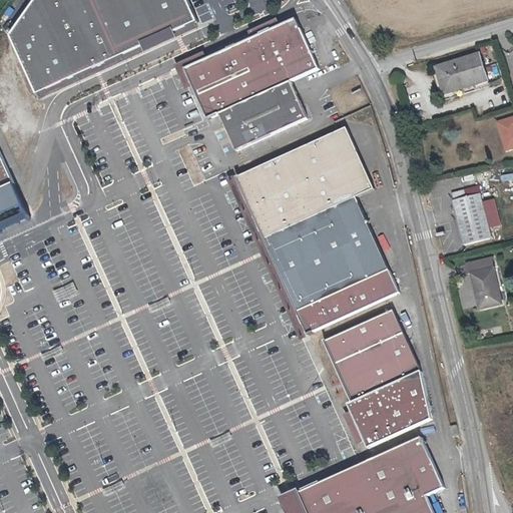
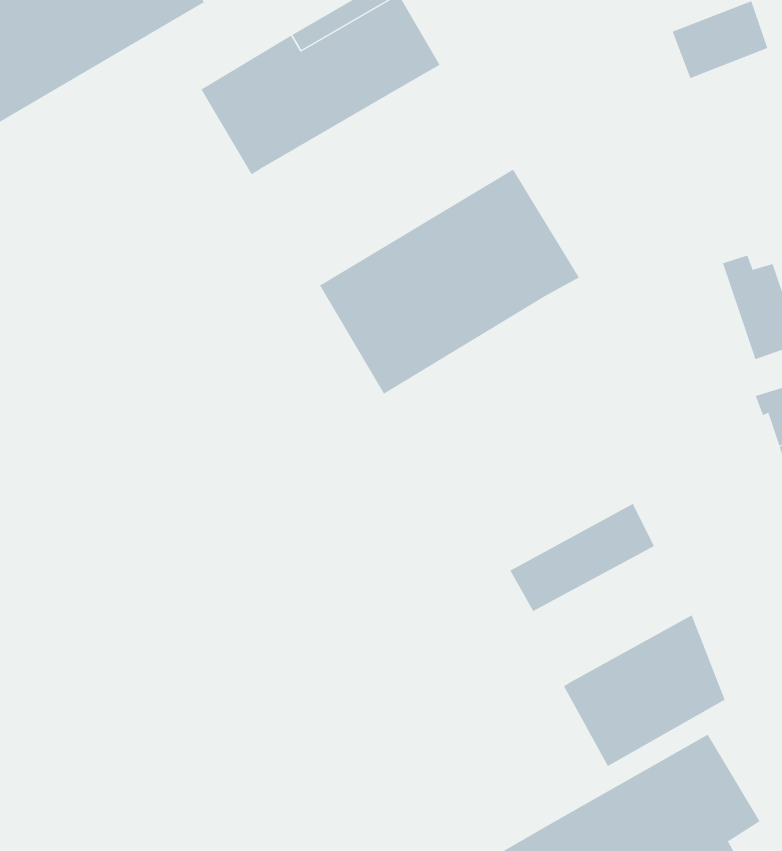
building: [212,81,301,150] -> none
building: [265,196,397,335] -> none
building: [332,335,416,402] -> none

